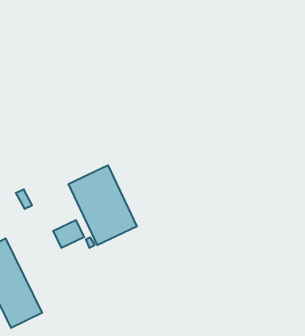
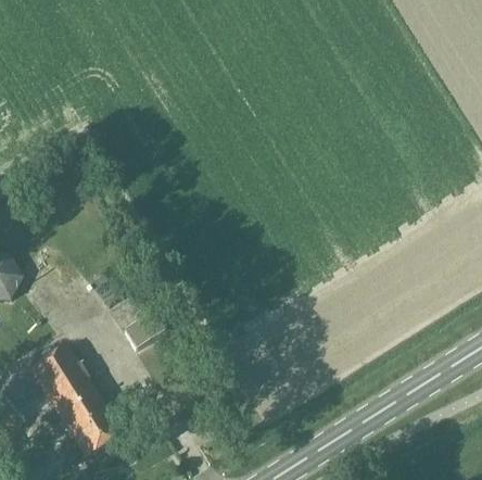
building: [69,165,137,245] -> none

